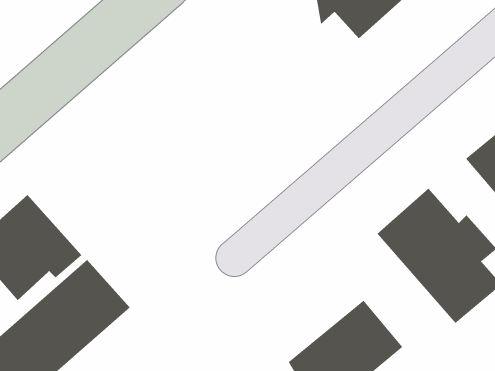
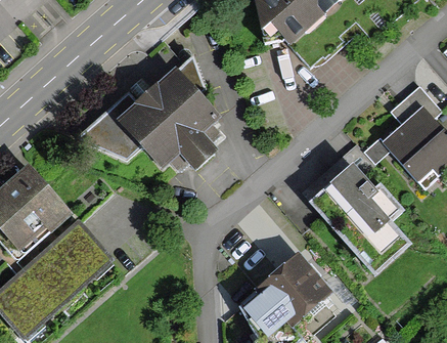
building: none -> [75,55,226,173]

